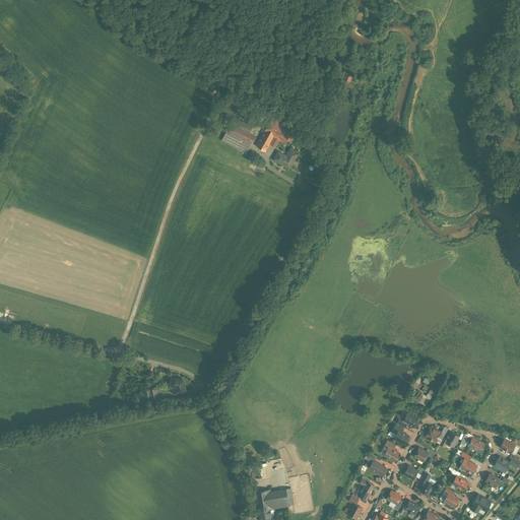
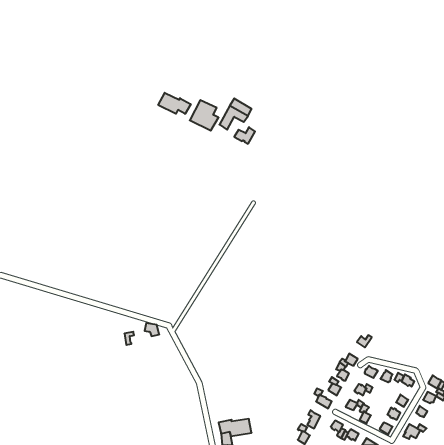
building: none -> [158,93,191,114]

